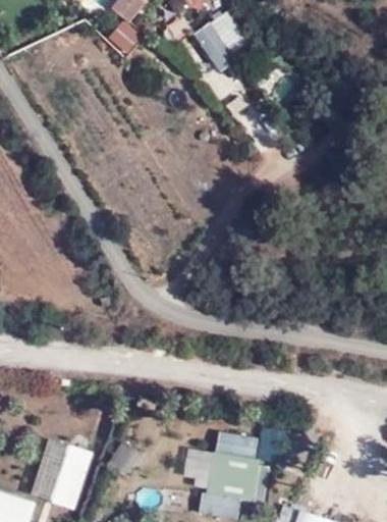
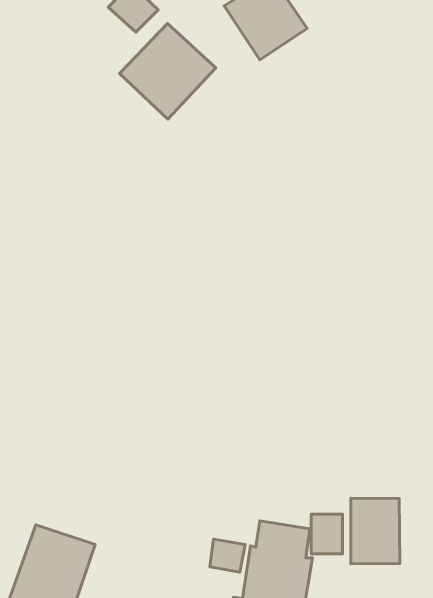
building: none -> [120,23,216,119]
building: none -> [351,498,400,564]

